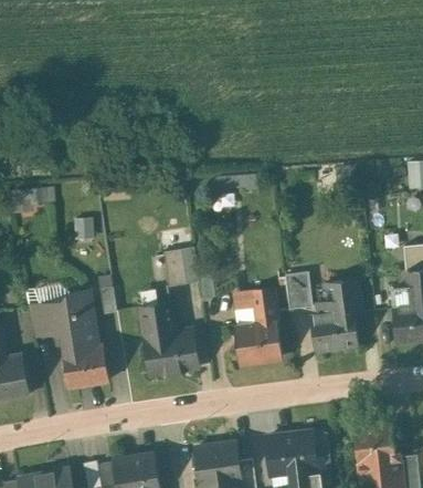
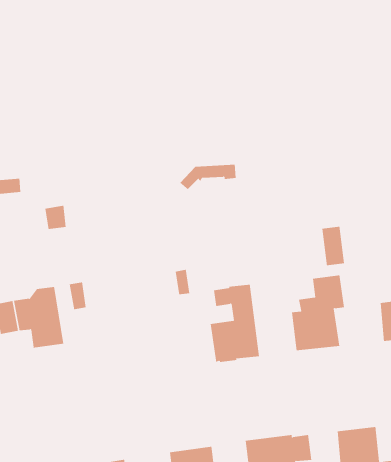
building: [156,249,186,287] -> none
building: [284,272,306,310] -> [321,226,345,266]
building: [139,302,198,375] -> none
building: [63,344,107,387] -> none

